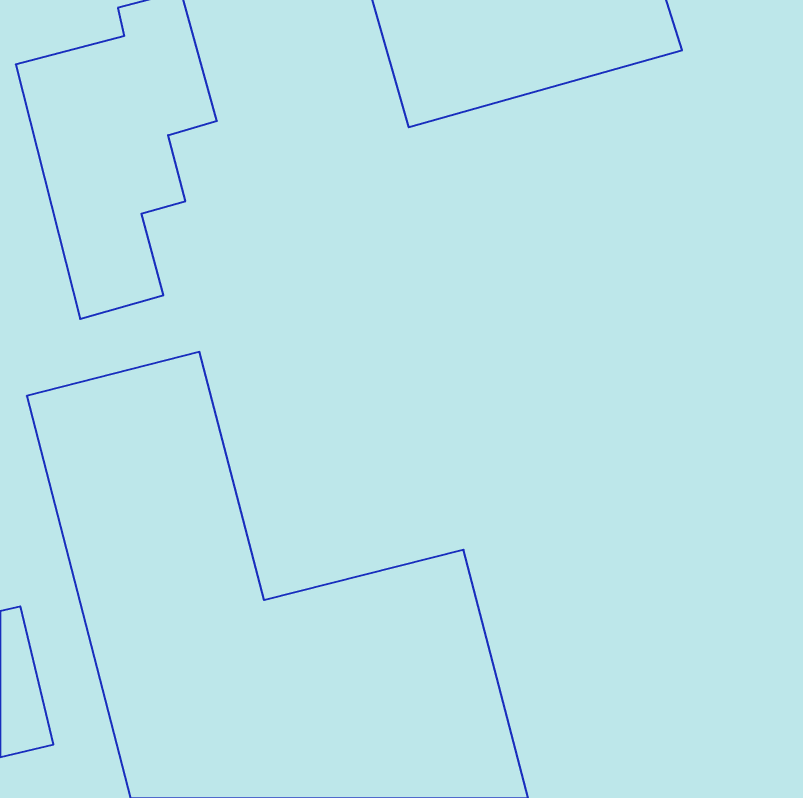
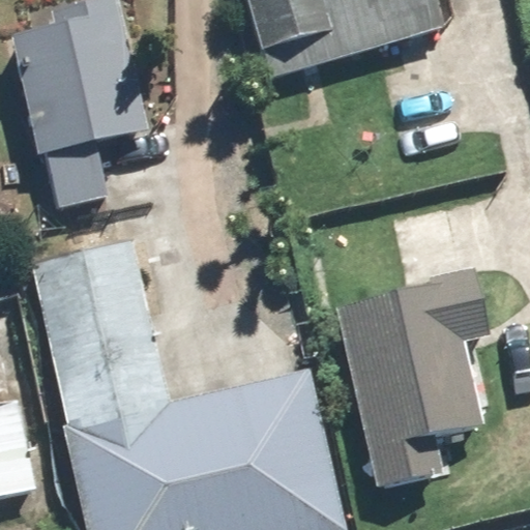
building: none -> [333,271,491,494]

